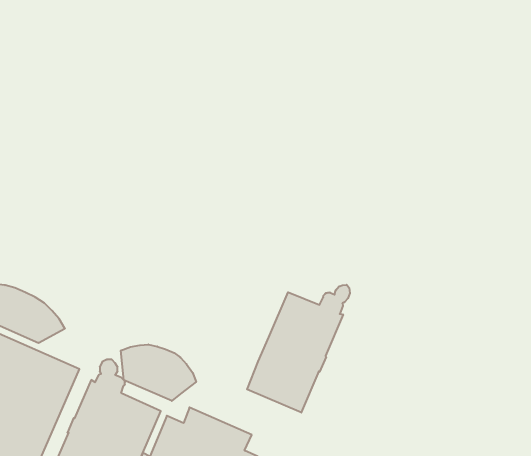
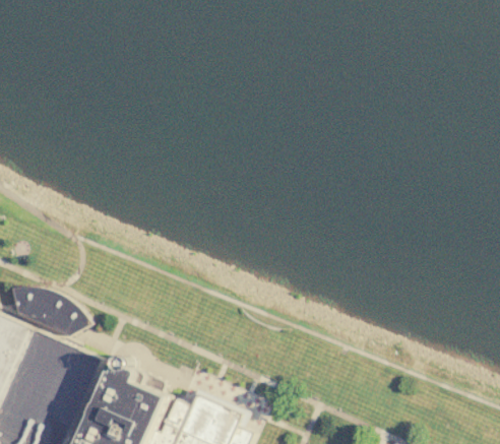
building: [247,285,350,413] -> none
building: [121,344,196,401] -> none

